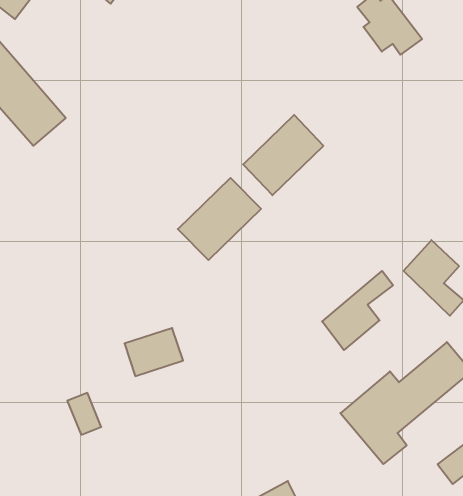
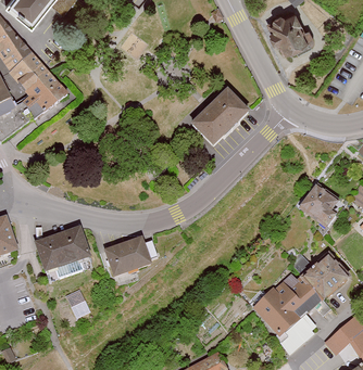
building: [178,178,261,260] -> none
building: [322,271,393,350] -> none
building: none -> [33,227,88,271]

